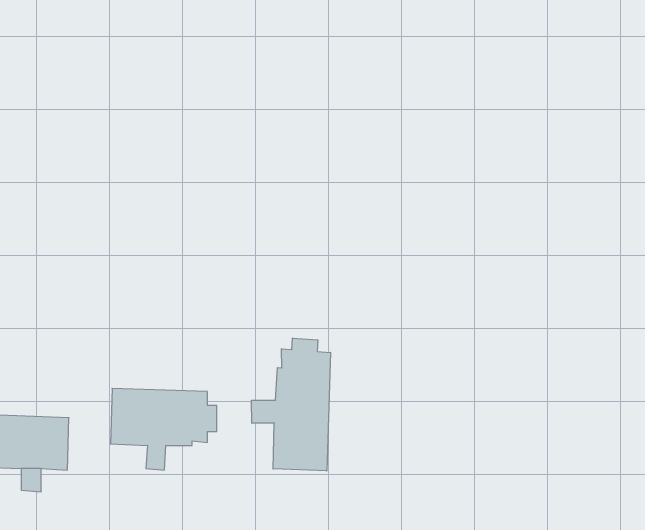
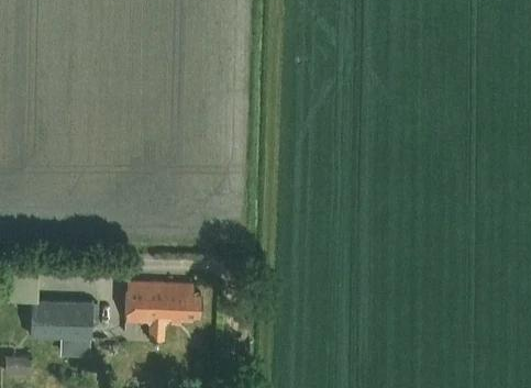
building: [252,338,331,471] -> none

